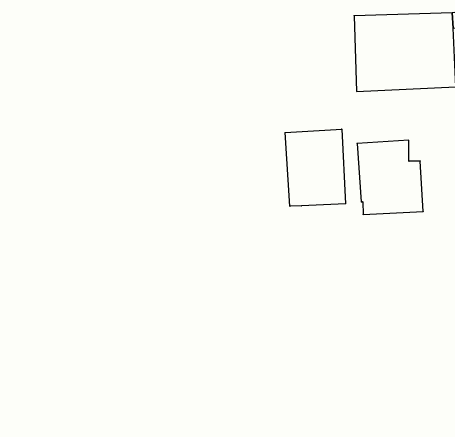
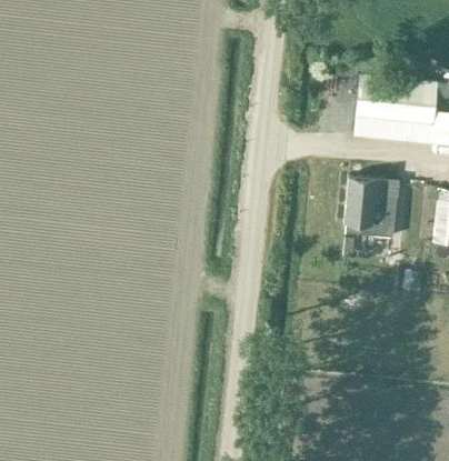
building: [285,129,346,206] -> none

